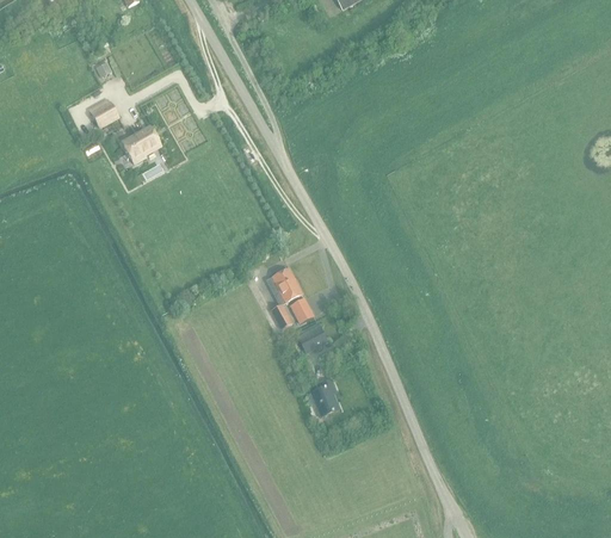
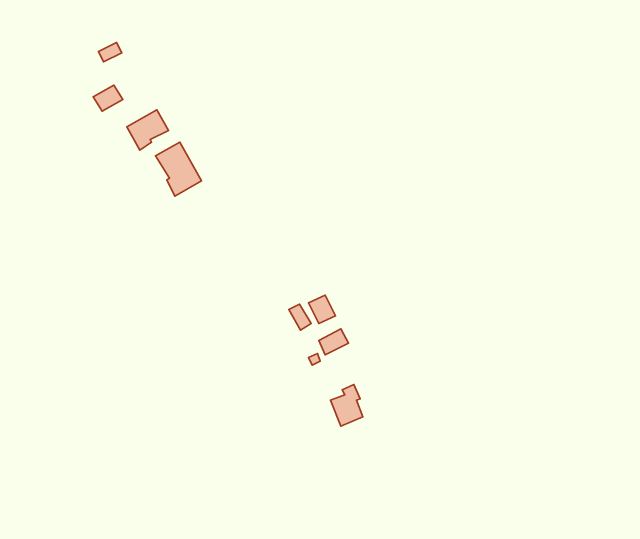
building: none -> [156,142,202,196]
building: [271,268,302,303] -> none

